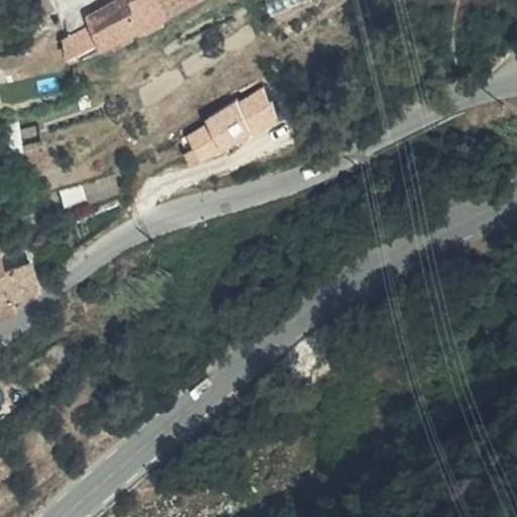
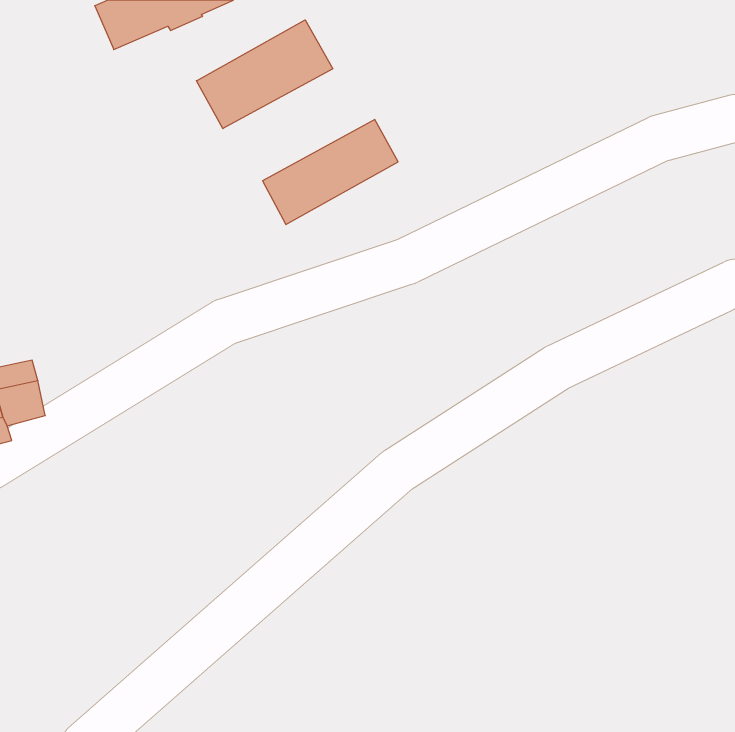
building: none -> [196,20,333,129]

